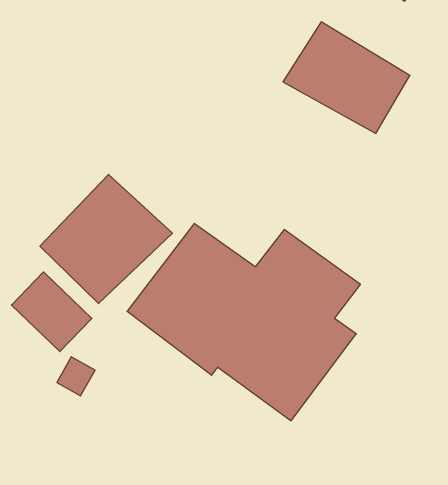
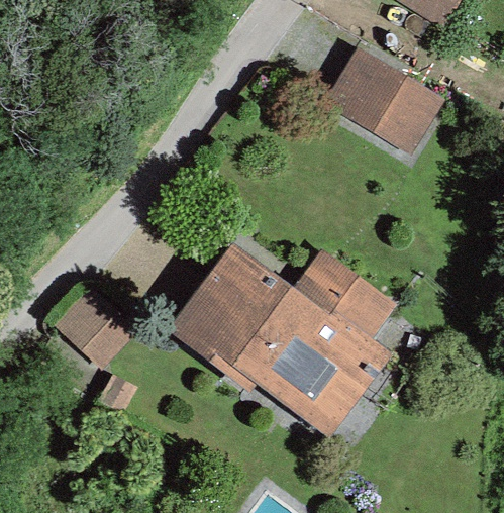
building: [40,174,172,304] -> none

